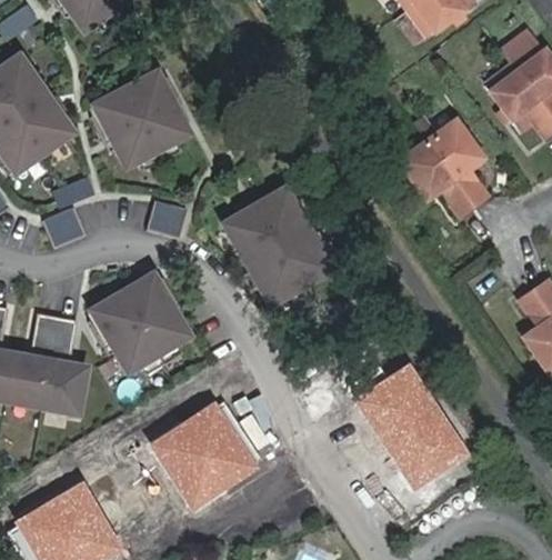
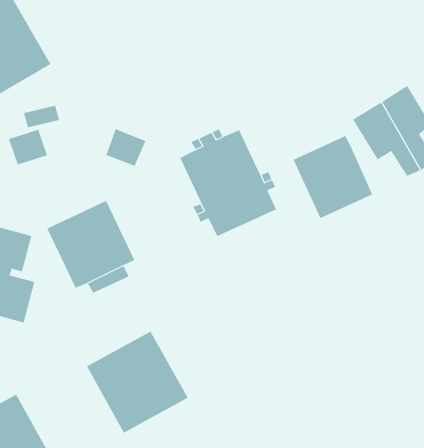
building: [93,68,200,173] -> none
building: none -> [293,135,373,219]
building: [350,363,466,491] -> none

